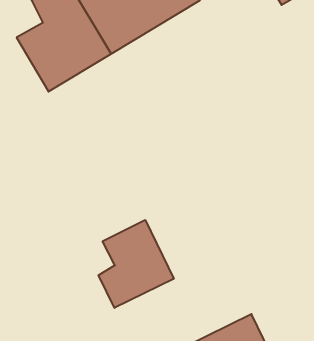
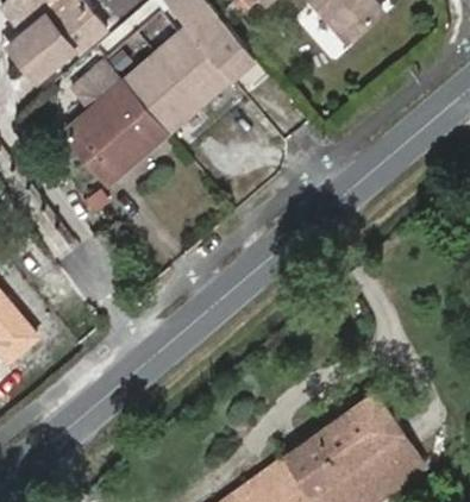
building: [99,220,174,308] -> none

